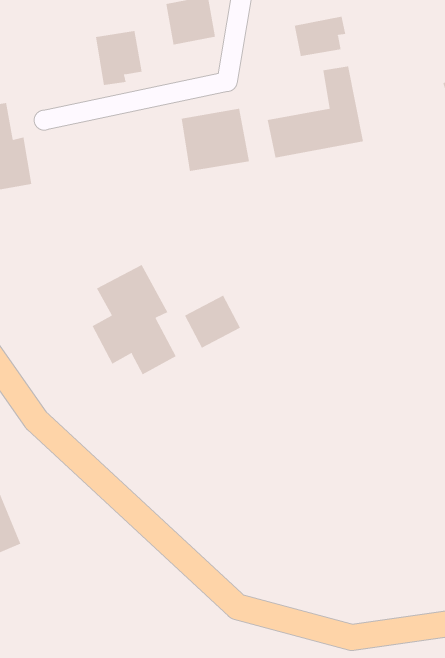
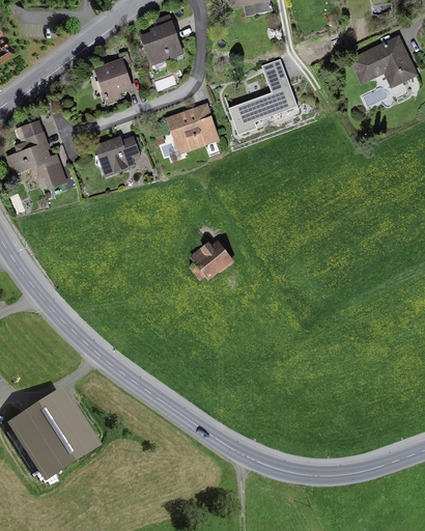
building: [294,16,346,57] -> none
building: none -> [93,135,142,175]
building: [92,264,176,375] -> none

